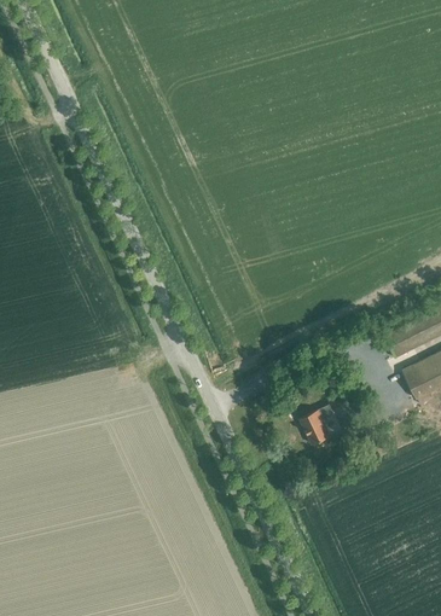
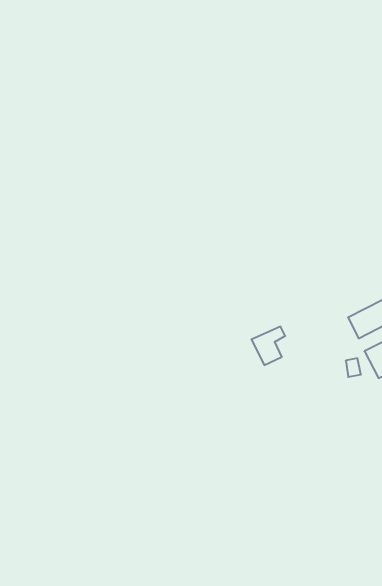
building: [298,405,333,444] -> [251,327,285,365]

